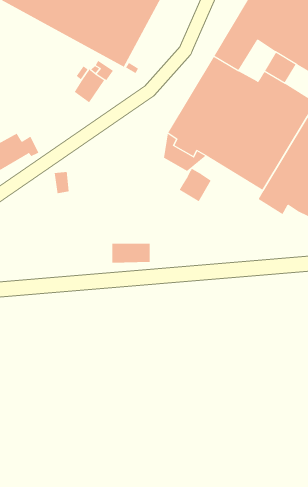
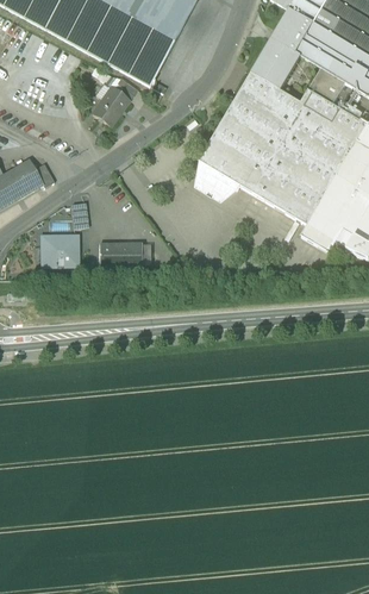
building: [179,168,211,202] -> none
building: none -> [40,233,79,265]
building: [112,243,150,263] -> [99,242,143,264]

